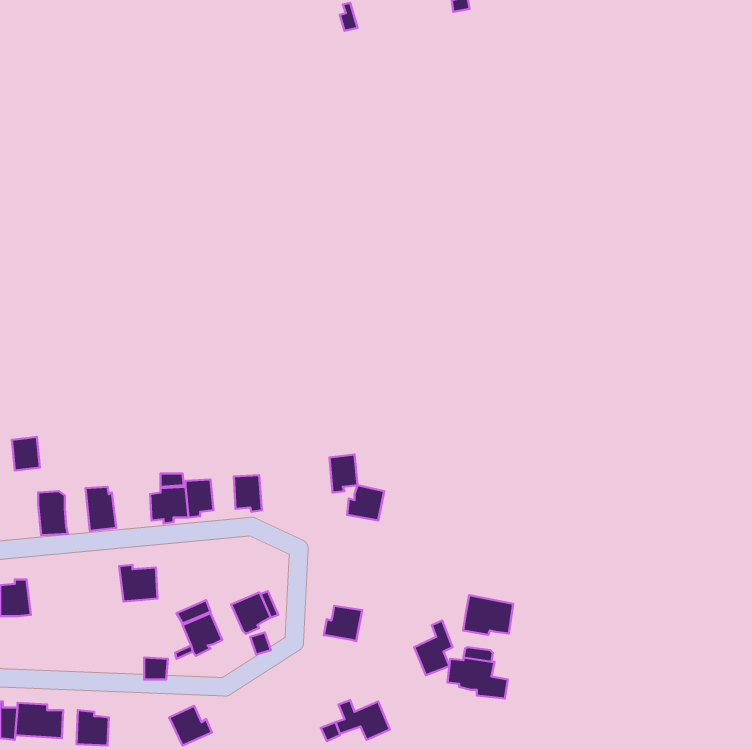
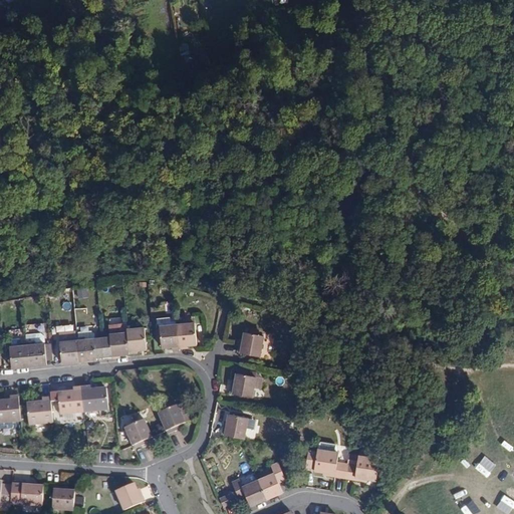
building: [12,437,40,471] -> [9,344,28,367]
building: [330,454,358,493] -> [177,322,196,348]
building: none -> [76,330,103,360]
building: none -> [229,372,255,397]
building: none -> [57,387,84,413]
building: none -> [27,397,53,424]
building: [463,595,513,635] -> [344,453,378,480]
building: [414,621,452,675] -> [258,461,284,498]

